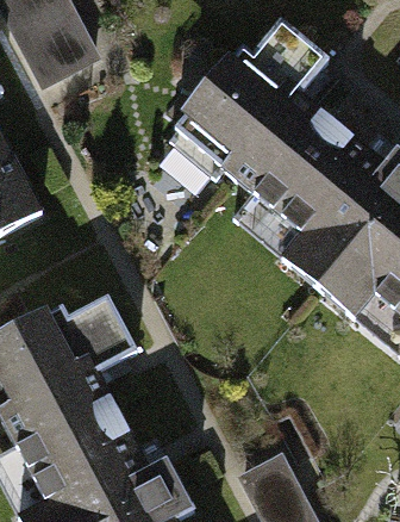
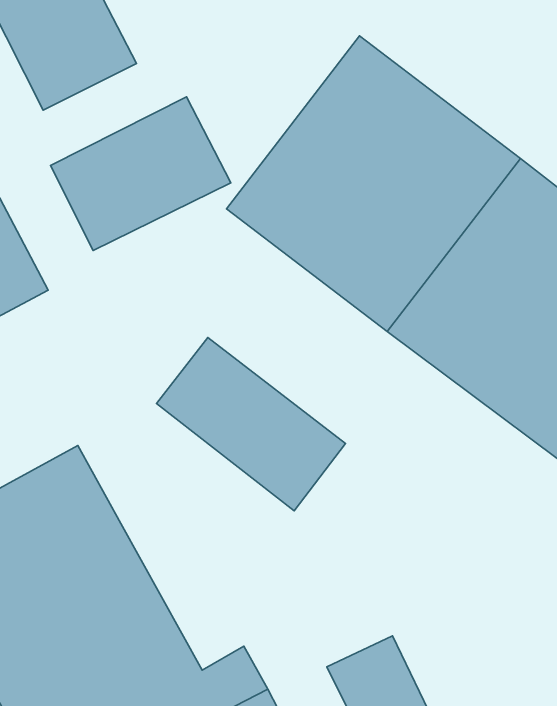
building: none -> [51,97,231,251]
building: none -> [157,337,346,511]

